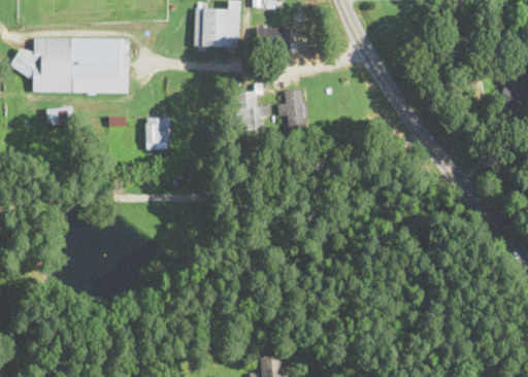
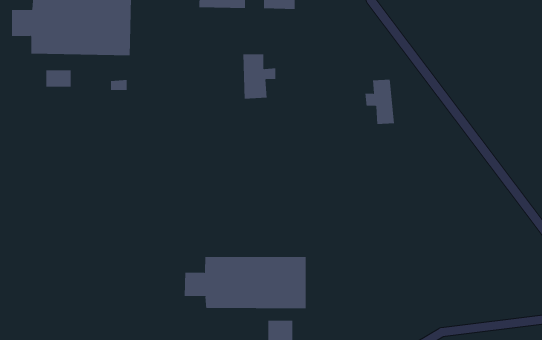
building: [277,89,306,132] -> [365,79,395,125]
building: [145,116,169,148] -> none
building: none -> [184,256,306,309]

